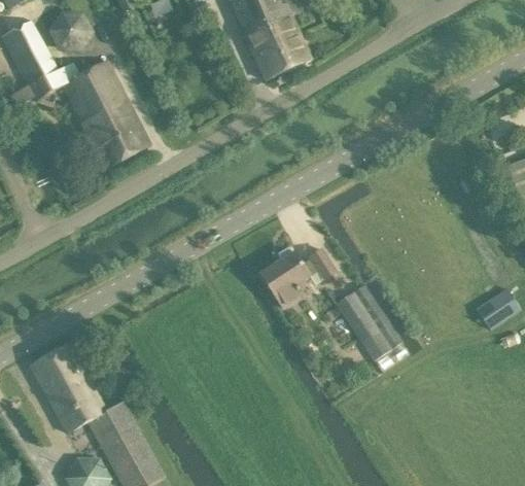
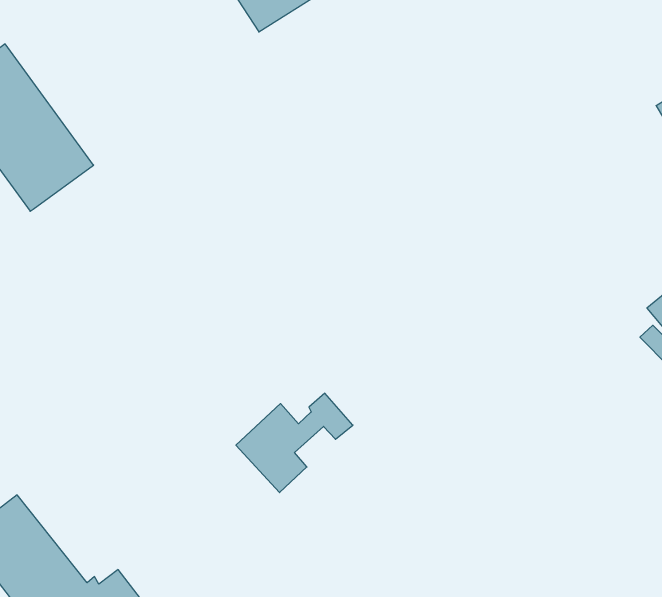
building: [260,249,336,307] -> [236,393,353,493]
building: [341,286,406,367] -> none

